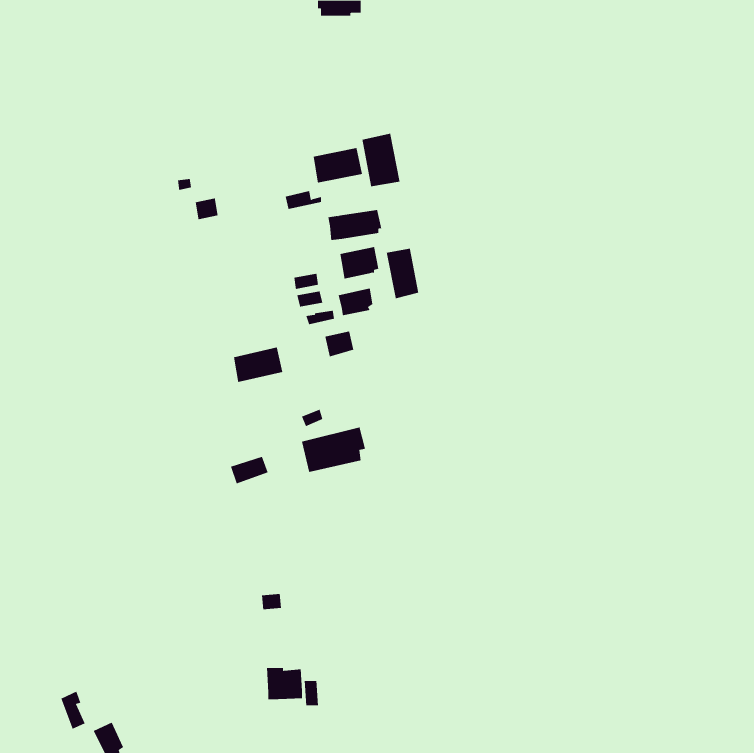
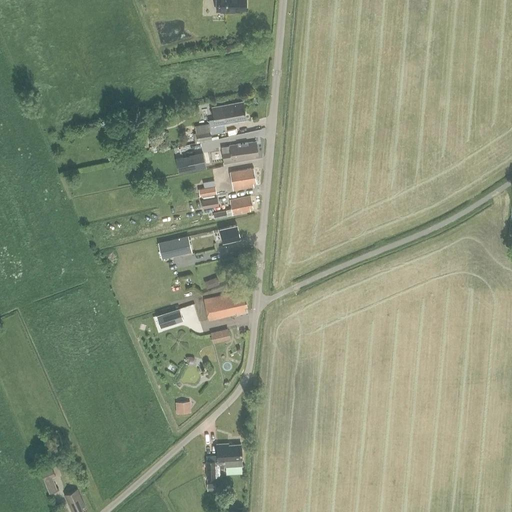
building: [362,133,400,187] -> none
building: none -> [175,153,206,174]
building: [386,248,419,299] -> none
building: [266,667,303,700] -> [217,444,242,466]

